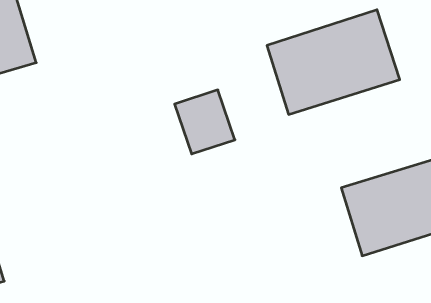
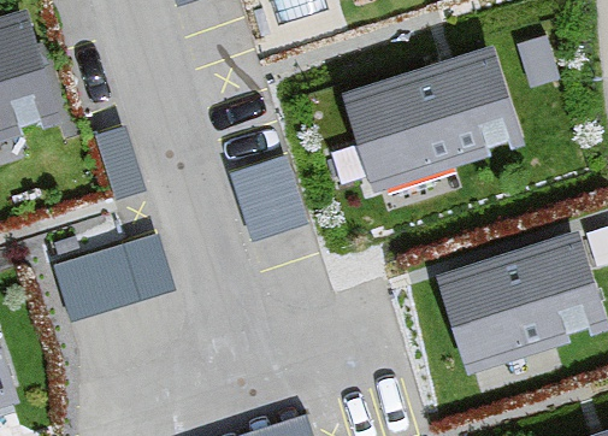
building: none -> [54,235,172,316]

